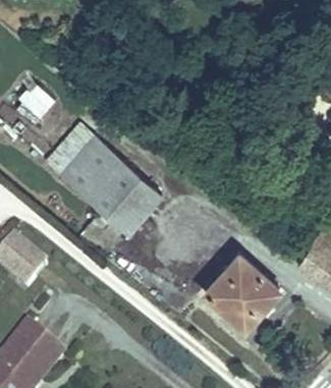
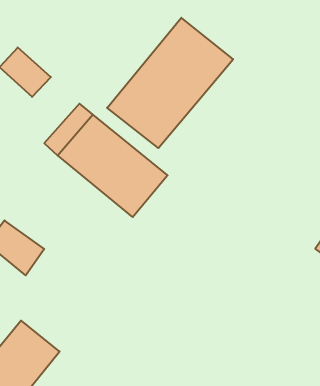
building: none -> [107,18,233,148]
building: [204,250,276,326] -> none

